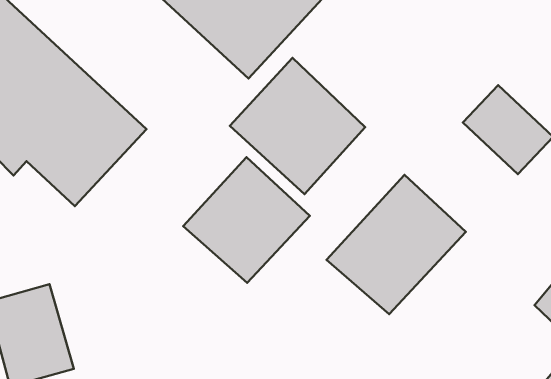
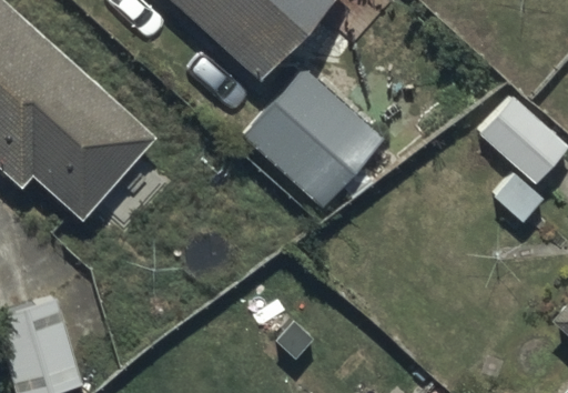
building: [183,157,310,283] -> none
building: [327,175,466,314] -> none

